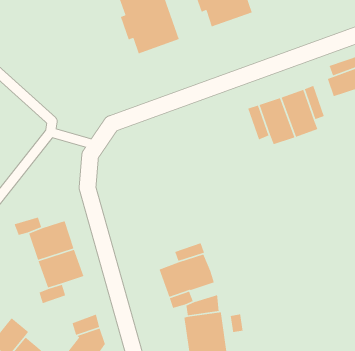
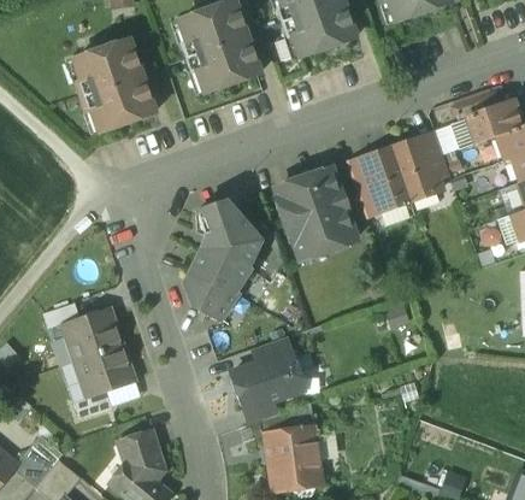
building: none -> [75,40,154,131]
building: none -> [277,170,356,258]
building: none -> [187,200,261,319]

